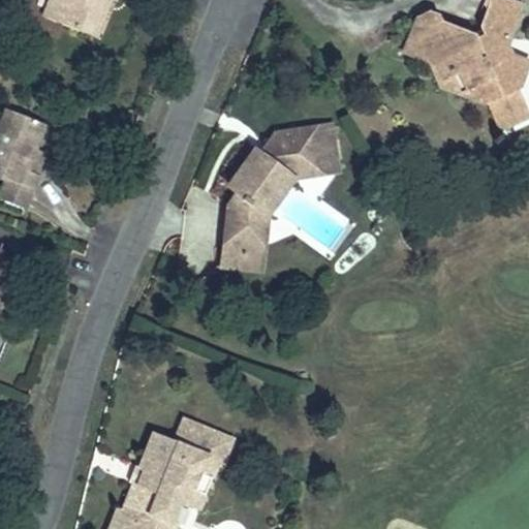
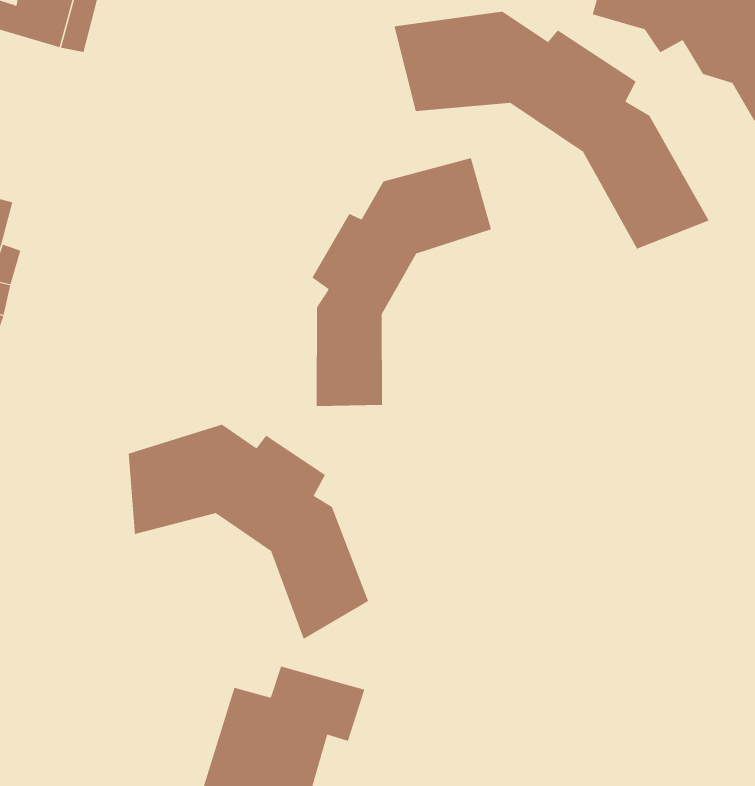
building: none -> [394,11,709,250]
building: none -> [128,424,369,640]

